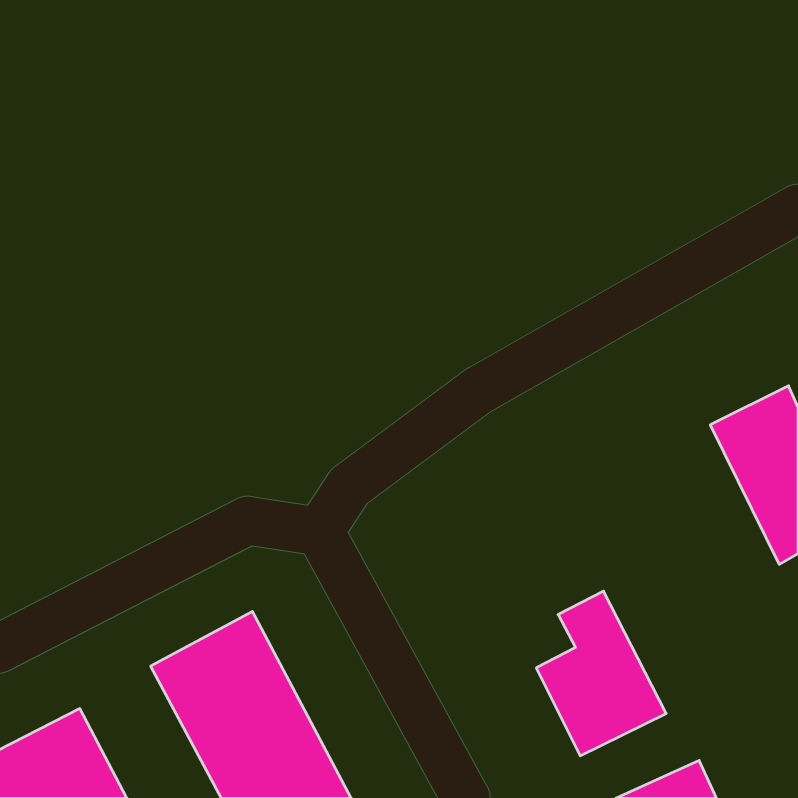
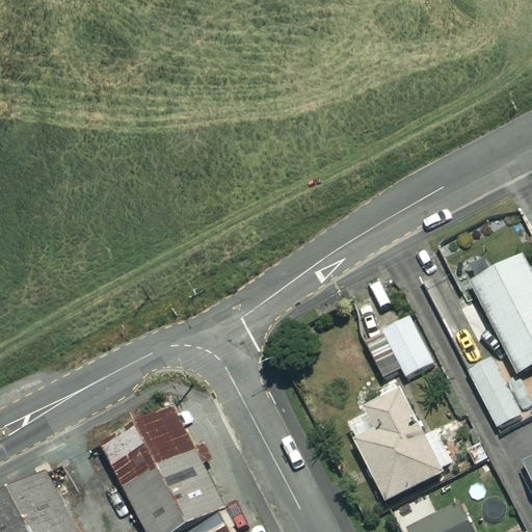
building: none -> [365,317,433,377]
building: none -> [468,357,522,427]

